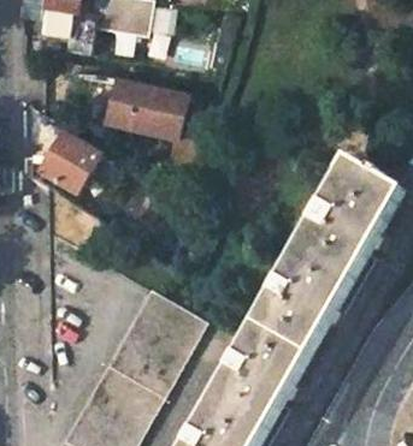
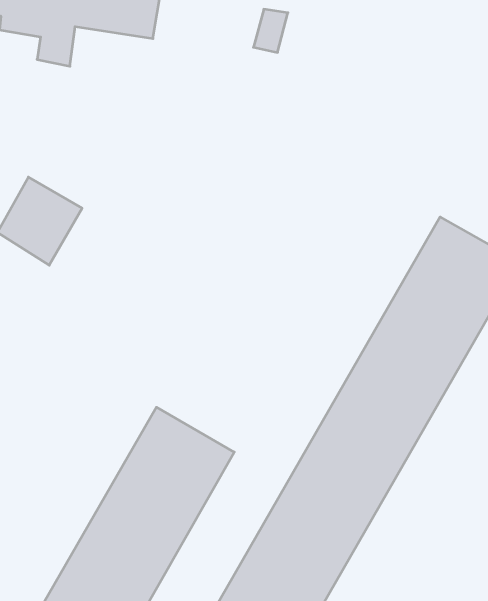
building: [108,81,213,165] -> none

